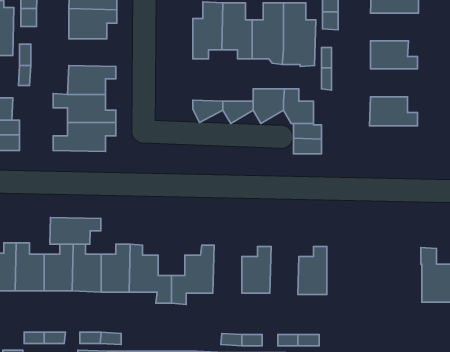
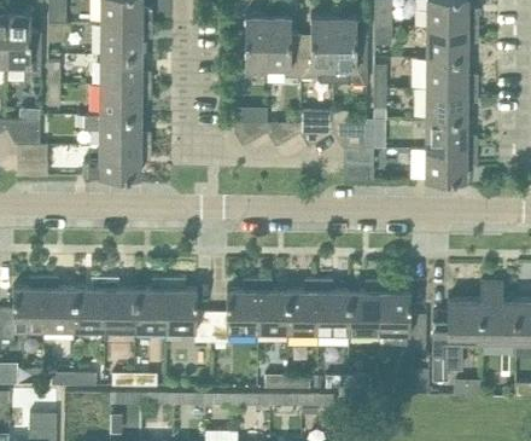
building: none -> [426,29,478,59]
building: none -> [100,57,152,87]
building: none -> [426,89,477,120]
building: none -> [425,151,477,182]
building: [50,217,101,244] -> none
building: none -> [256,280,287,332]
building: none -> [317,282,349,333]
building: none -> [379,282,426,346]
building: none -> [432,301,482,381]

